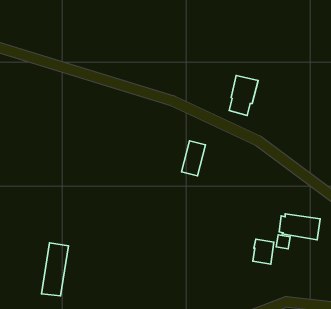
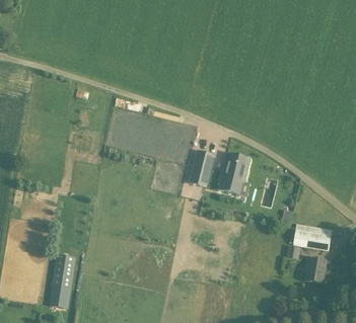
building: [229,76,258,115] -> [220,154,250,194]
building: [253,239,274,264] -> [304,258,326,284]

